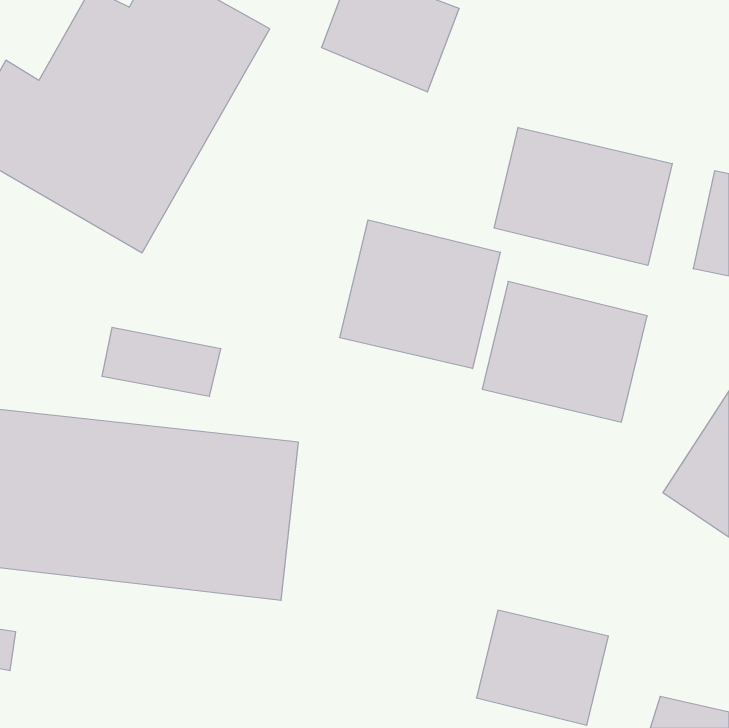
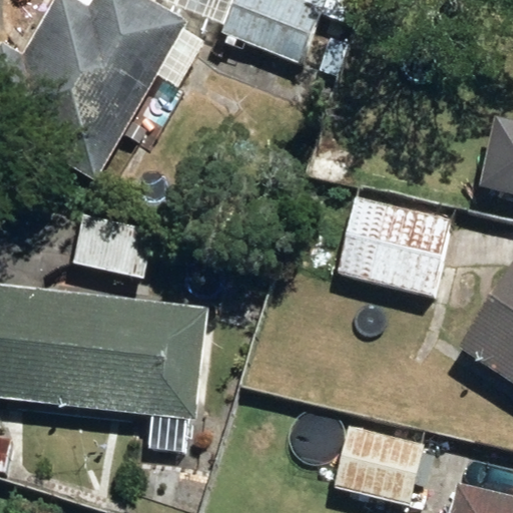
building: [494,127,672,265] -> none
building: [340,220,500,369] -> none

